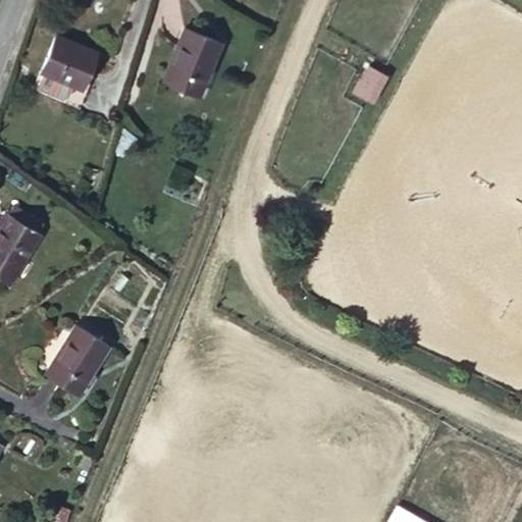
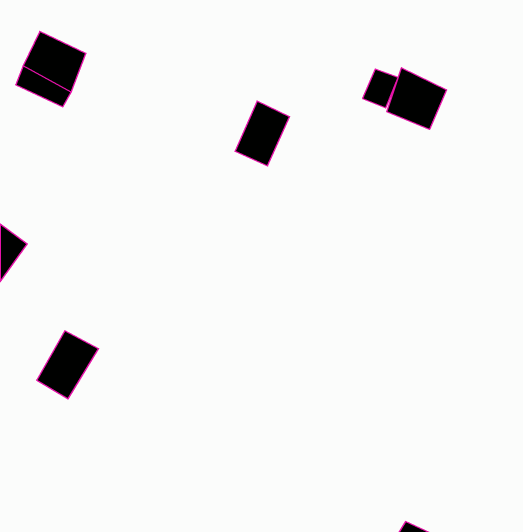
building: [166,35,219,98] -> [235,101,290,166]
building: none -> [387,68,446,129]

